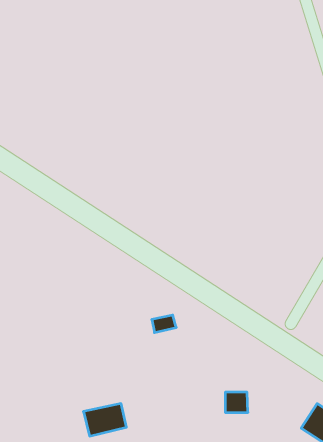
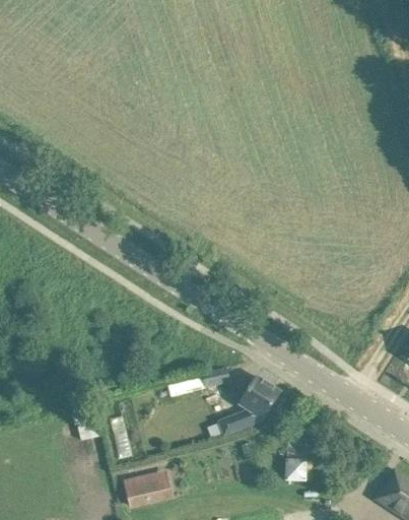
building: none -> [217,377,280,435]

